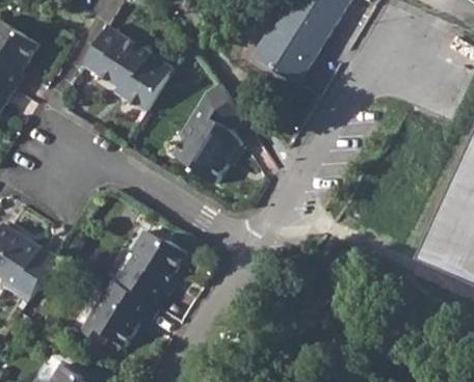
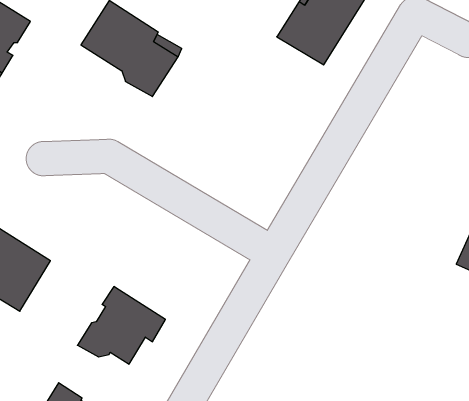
building: [175,83,244,184] -> none
building: [117,230,187,307] -> none

